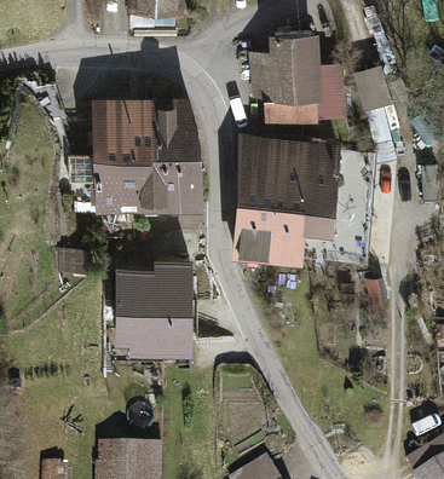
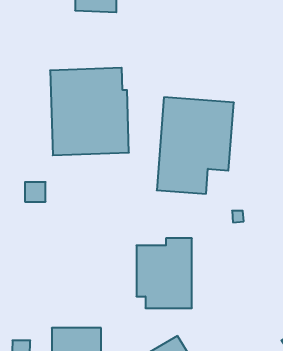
building: [249,29,347,127] -> none
building: [117,258,192,352] -> [136,238,192,308]

